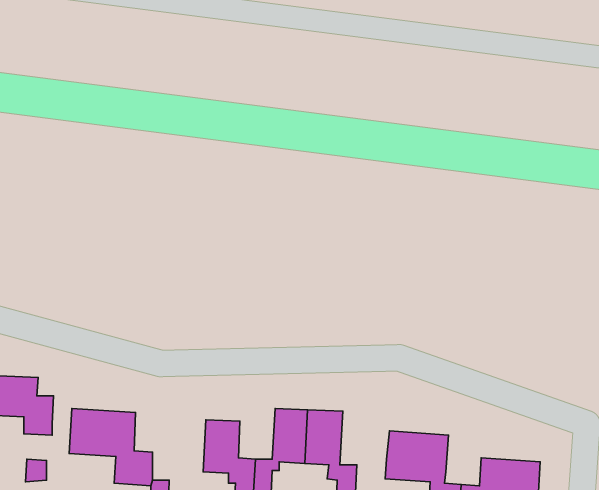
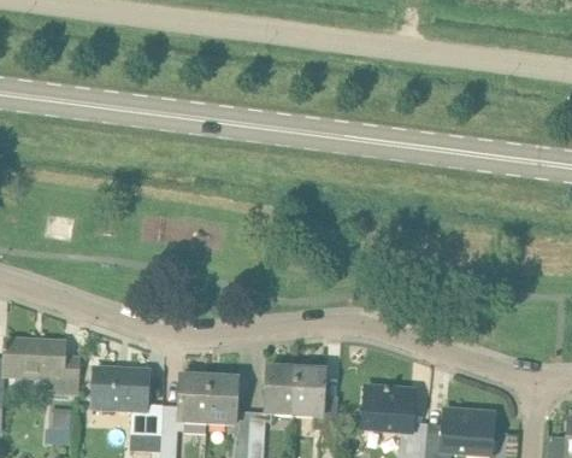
building: none -> [177,376,208,429]

